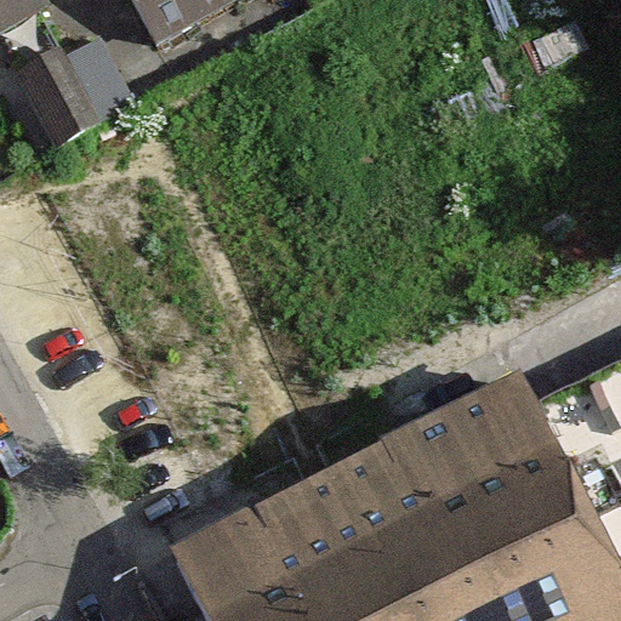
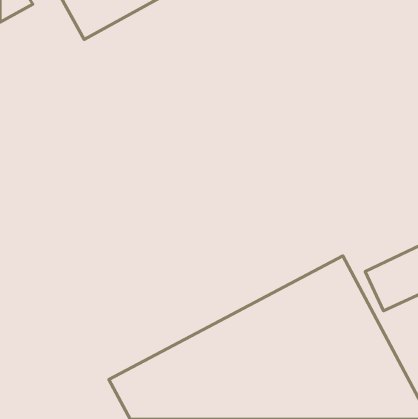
building: [28,28,149,143] -> none

